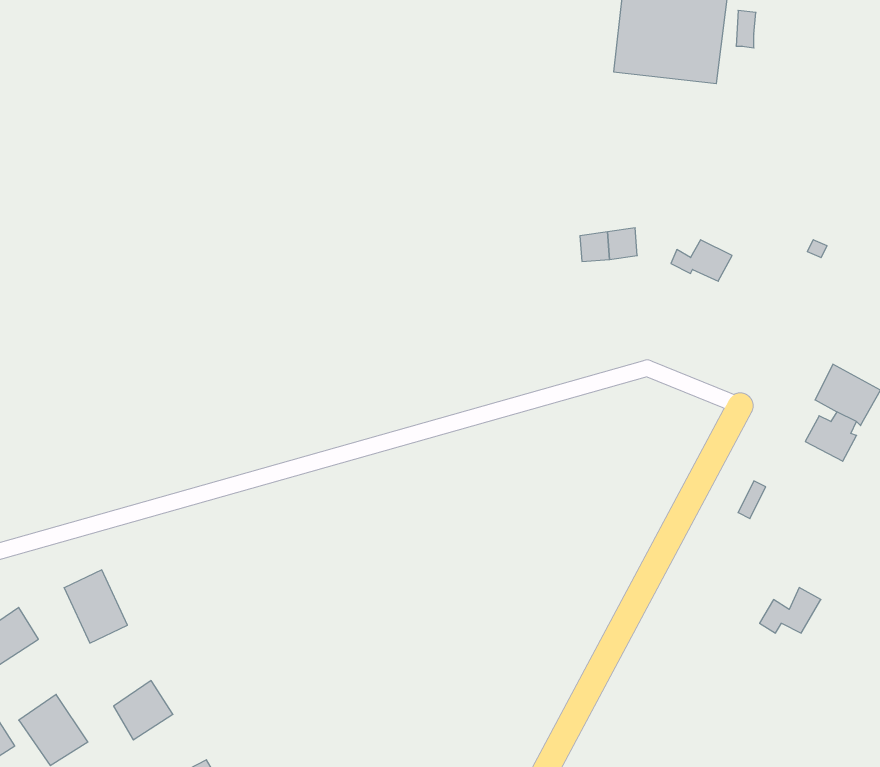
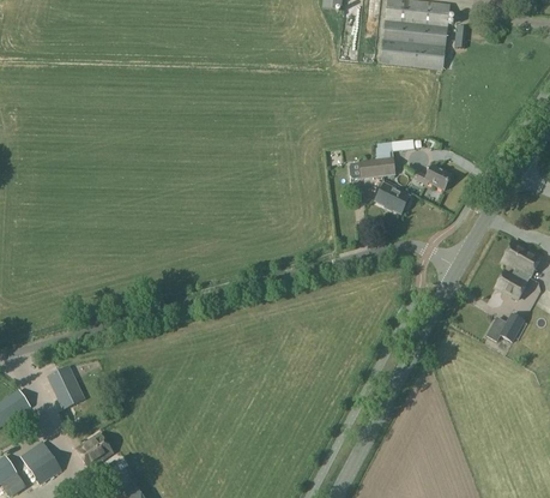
building: none -> [375,182,411,214]
building: [760,588,821,633] -> [486,313,524,341]

